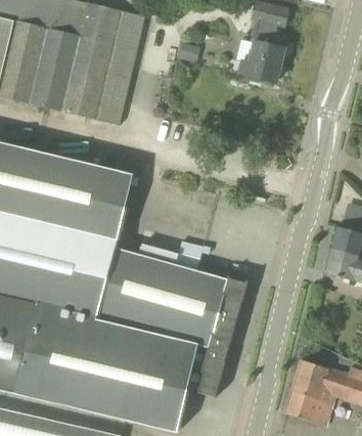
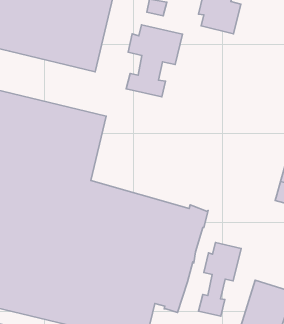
building: none -> [126,25,182,97]
building: none -> [199,242,241,316]

